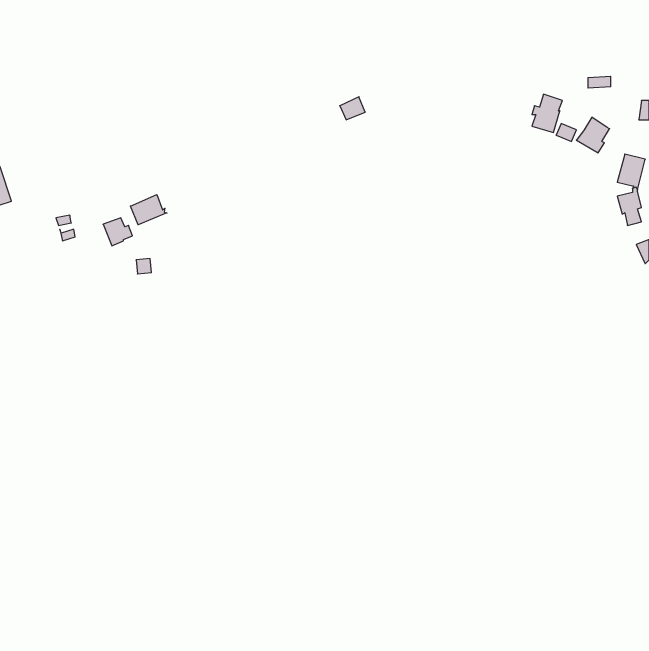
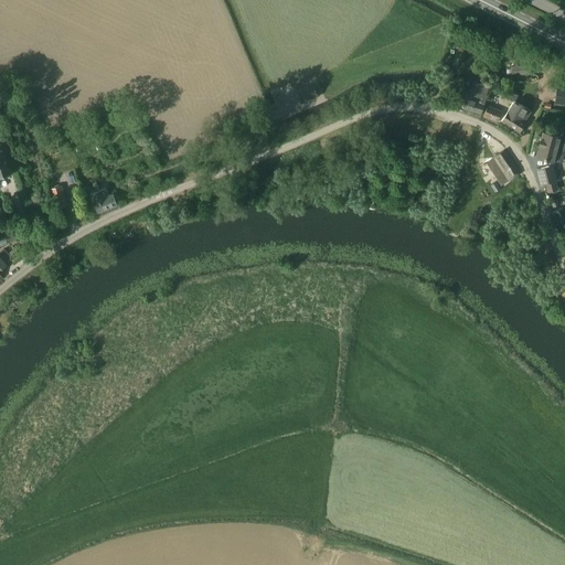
building: none -> [489,150,519,180]
building: [130,195,167,225] -> none

